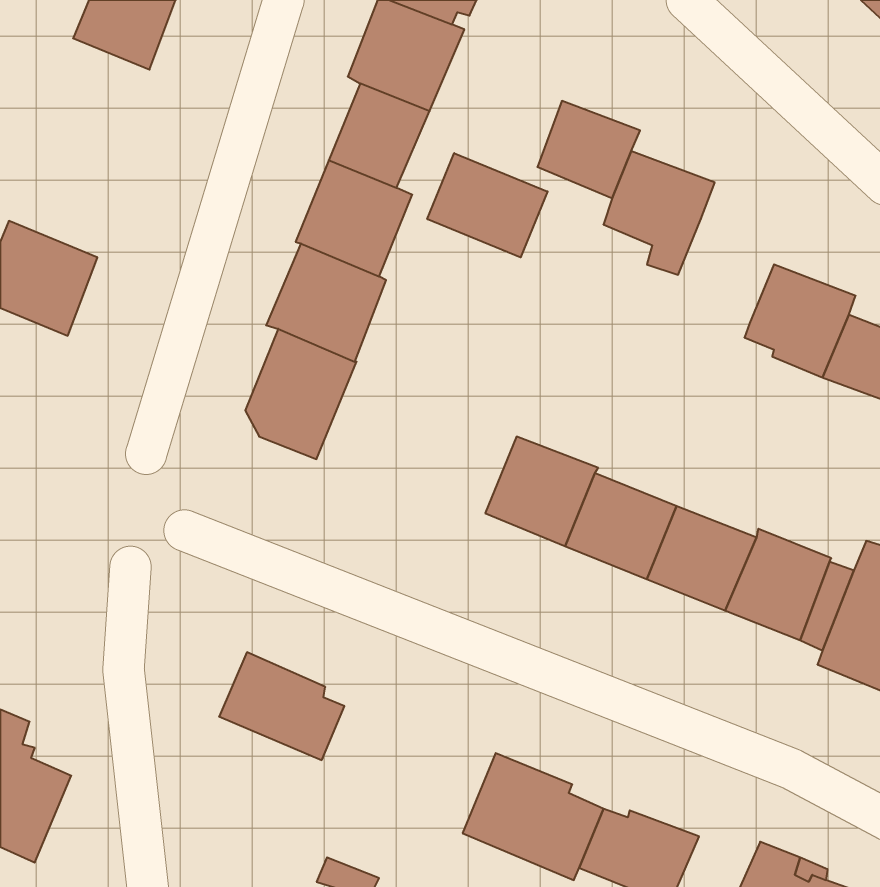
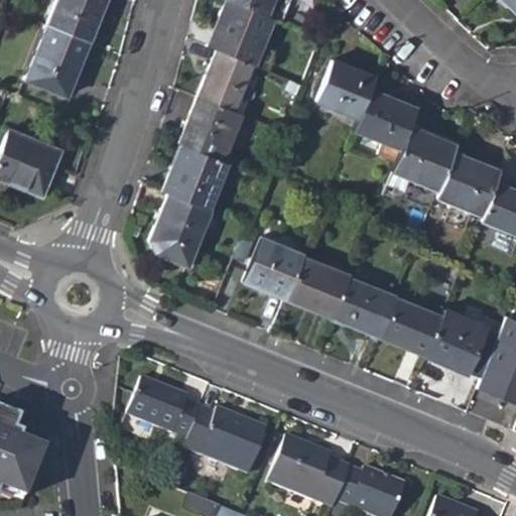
building: none -> [25,23,92,97]
building: [427,153,548,257] -> none
building: none -> [388,128,457,188]
building: none -> [244,235,305,298]
building: none -> [187,410,270,478]

